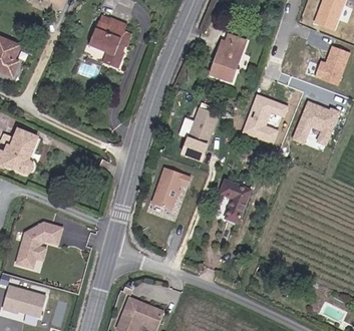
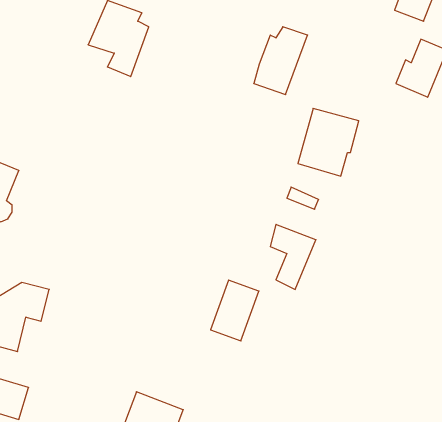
building: [291,99,338,145] -> none
building: [184,105,218,147] -> none
building: [147,164,183,209] -> [211,280,259,341]

